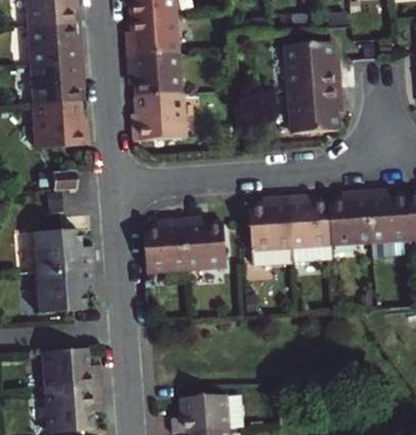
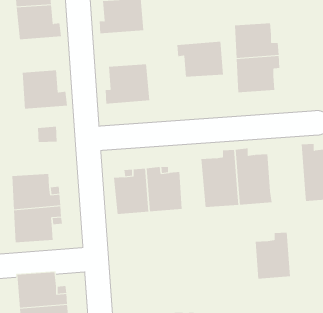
building: [127,54,184,97] -> [177,41,224,77]
building: [30,61,83,104] -> none
building: [330,191,374,247] -> [255,232,291,279]

